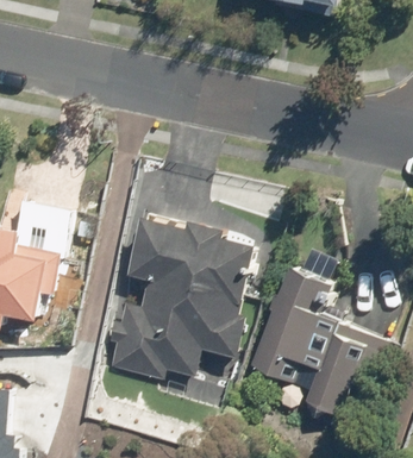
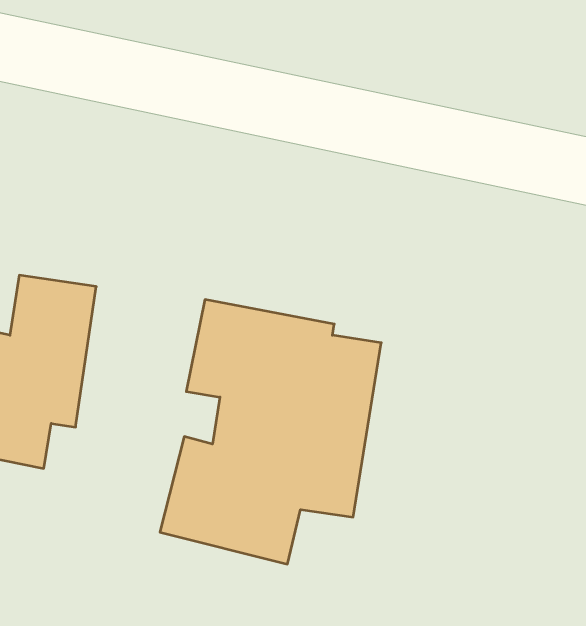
building: [250,264,375,418] -> none

